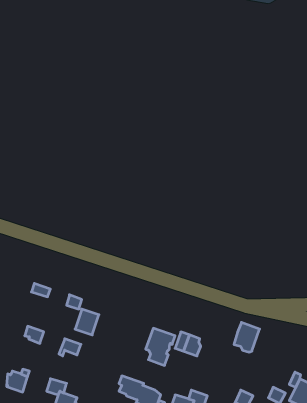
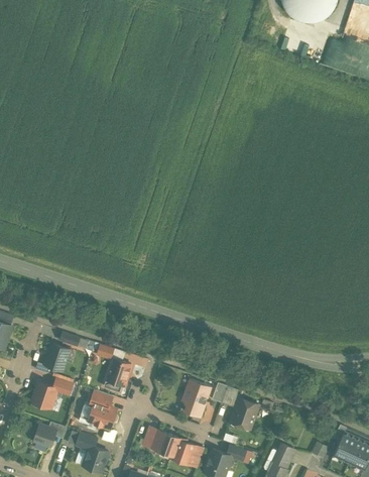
building: none -> [44,344,69,371]
building: [234,322,260,352] -> [231,398,258,430]
building: none -> [31,382,57,408]
building: none -> [90,402,115,430]

